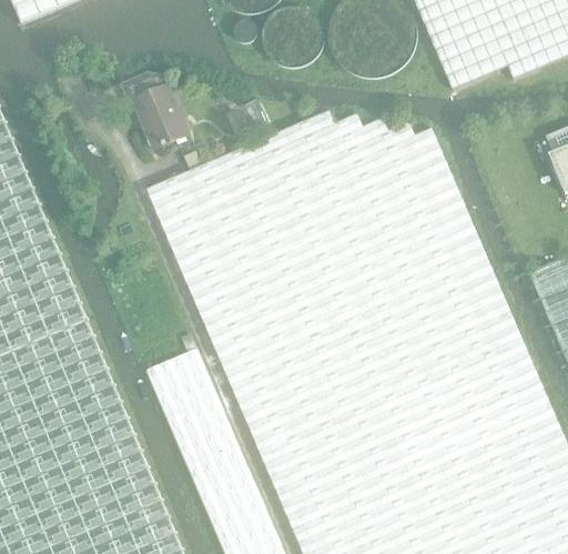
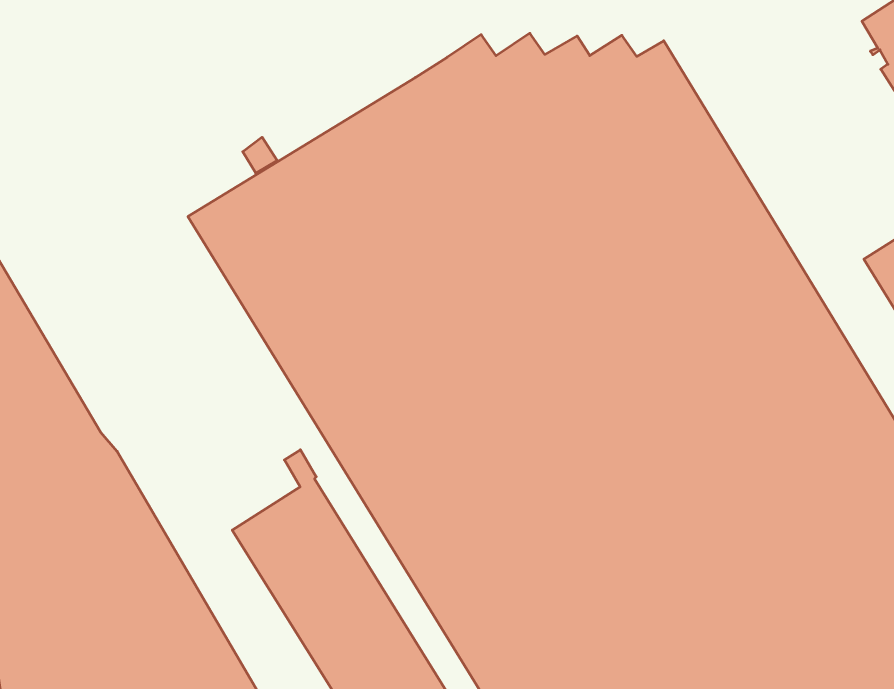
building: [122,75,191,152] -> none

